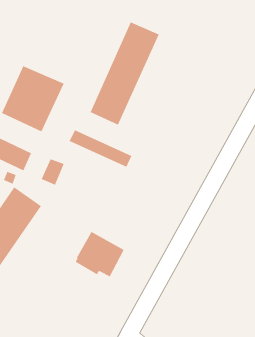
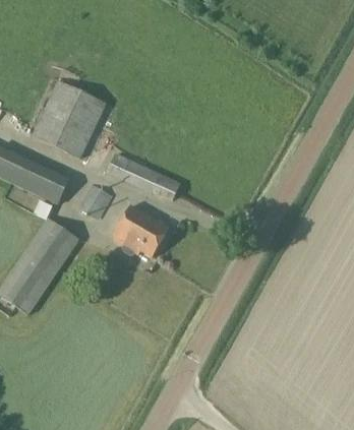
building: [90,22,160,126] -> none
building: [75,231,125,277] -> [112,204,168,256]

